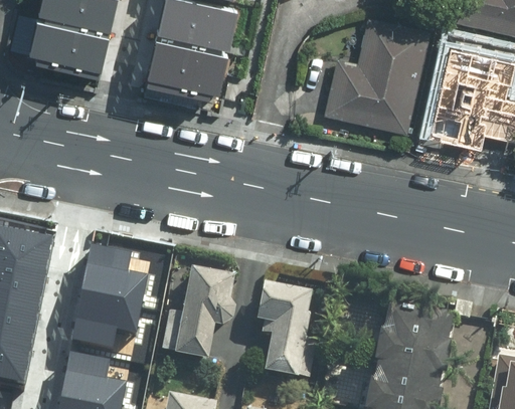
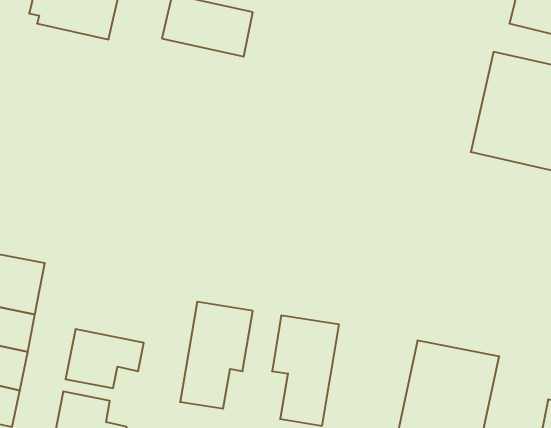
building: [327,17,433,133] -> none
building: [31,21,110,77] -> none
building: [146,42,227,100] -> none
building: [80,242,147,305] -> none

